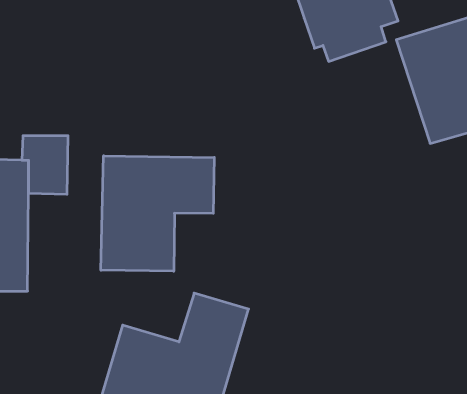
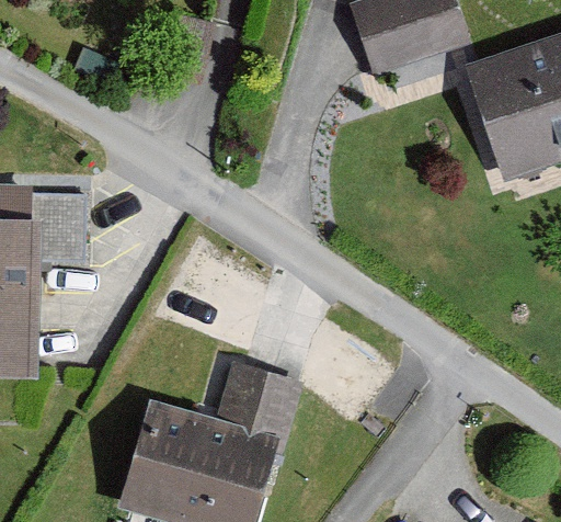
building: [101,156,214,271] -> none

